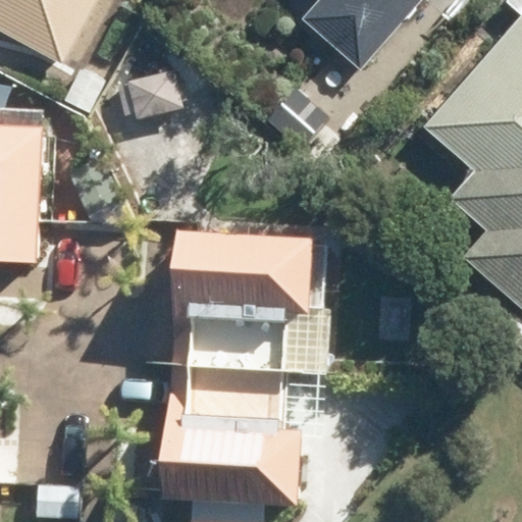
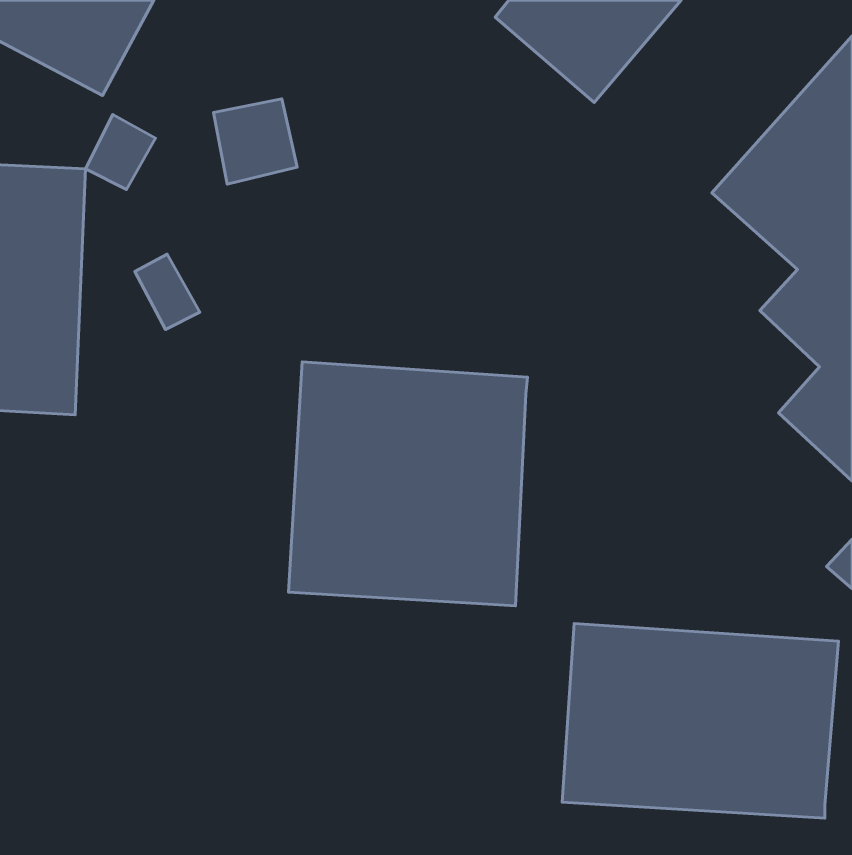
building: [163,364,308,504] -> none
building: none -> [562,624,838,818]

